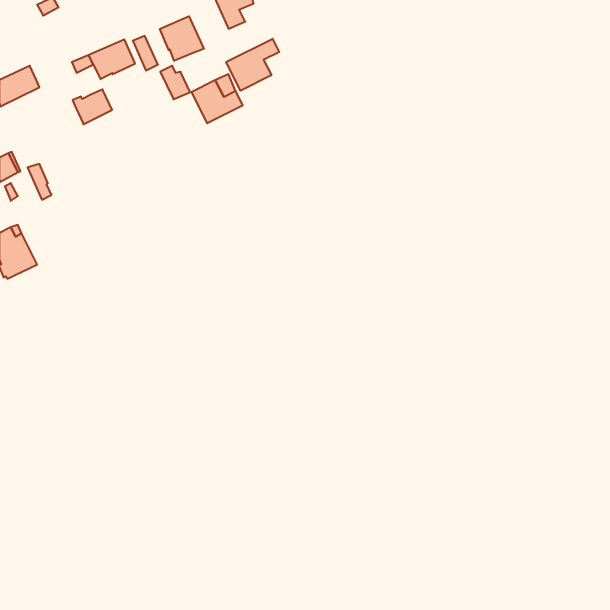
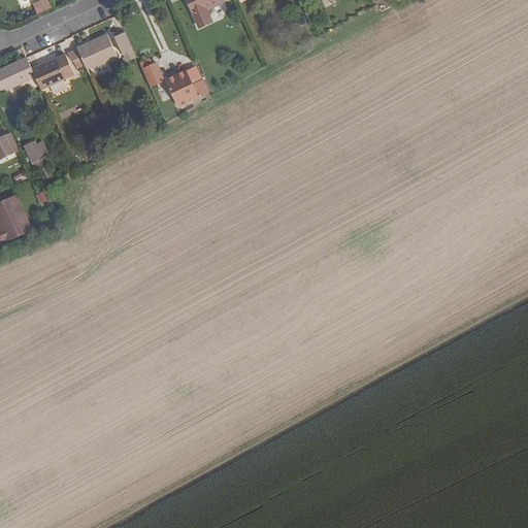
building: [160,16,204,61] -> none
building: [226,39,279,91] -> none
building: [73,89,112,124] -> [31,59,65,89]

